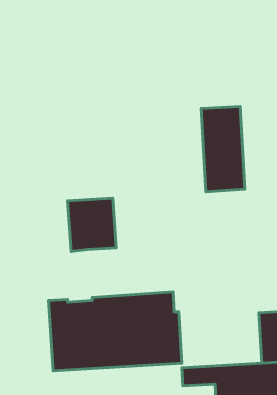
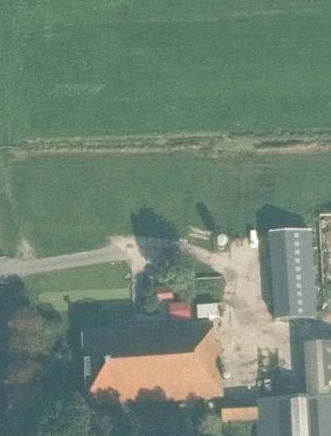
building: [201,106,245,192] -> [269,228,315,318]
building: [68,198,116,252] -> none

